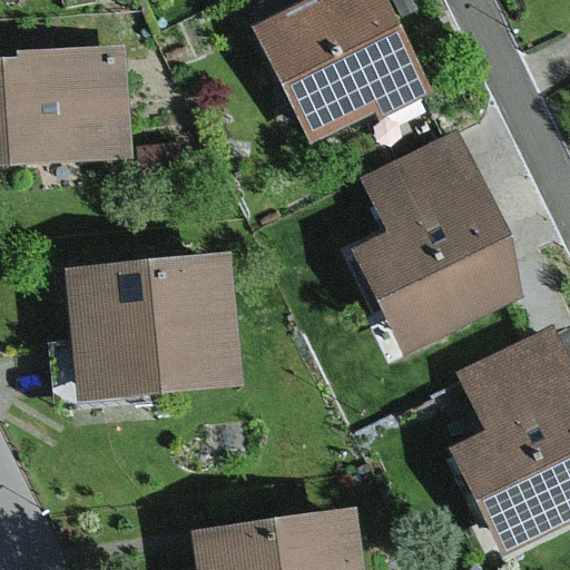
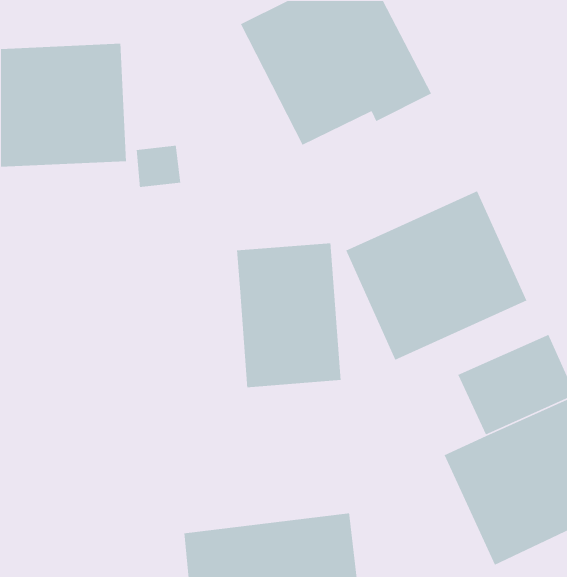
building: [367,139,481,229] -> none
building: none -> [236,242,341,388]
building: [60,248,242,396] -> none

